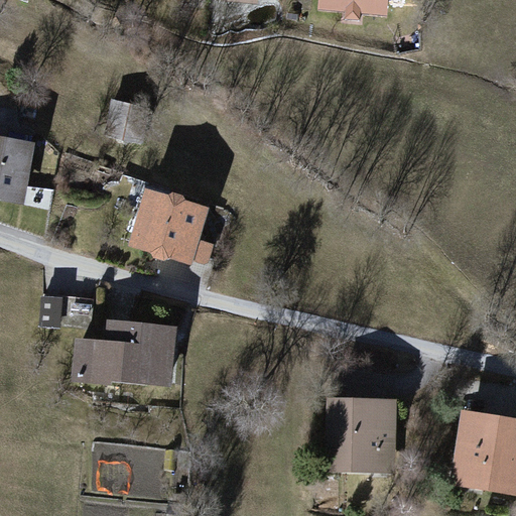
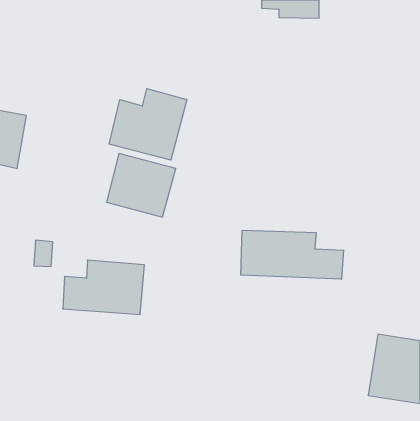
building: none -> [109,88,187,160]
building: none -> [241,230,344,279]
building: [324,397,397,473] -> none

